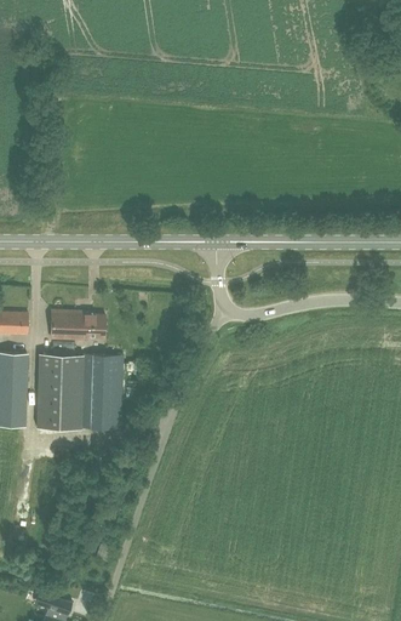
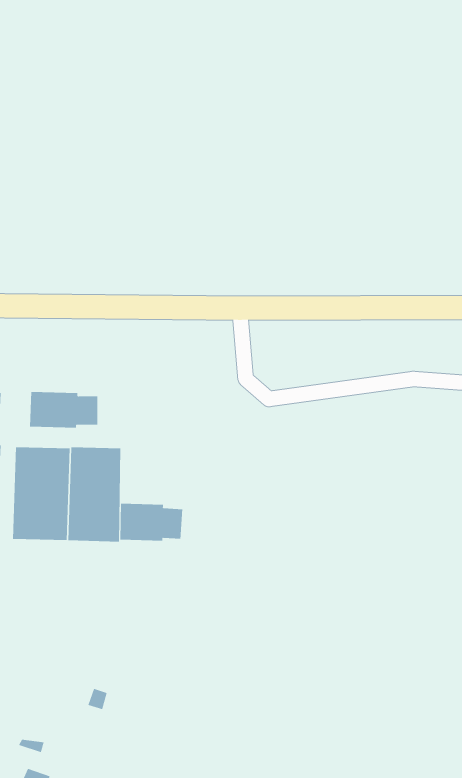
building: none -> [120,503,183,542]

